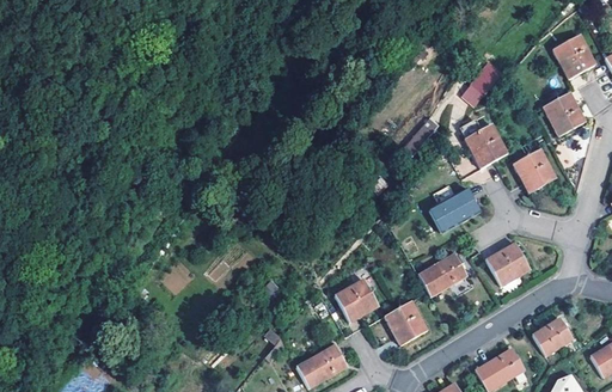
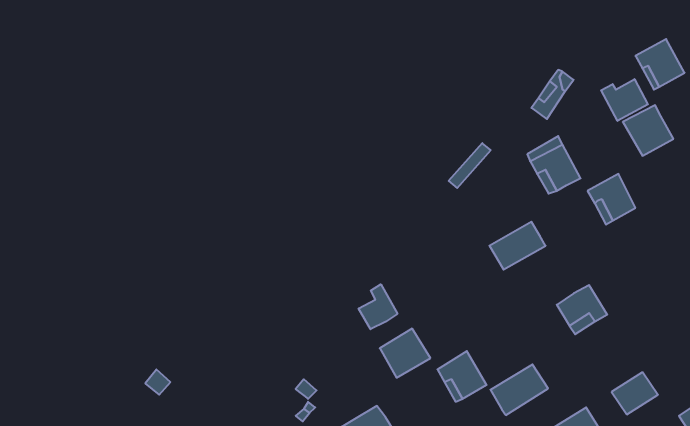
building: none -> [601,79,648,121]
building: none -> [359,284,397,329]
building: [418,252,467,295] -> [490,364,548,415]

